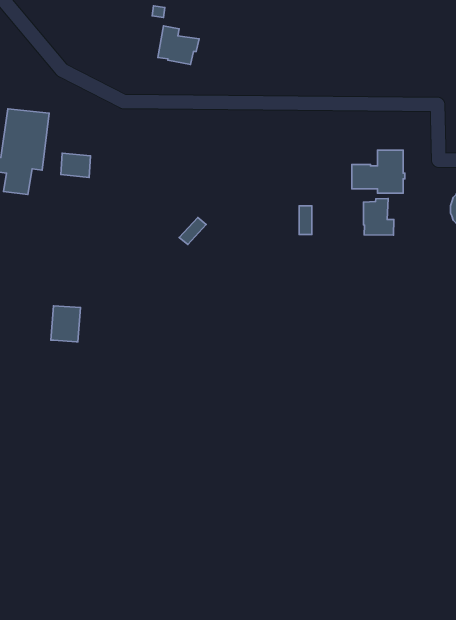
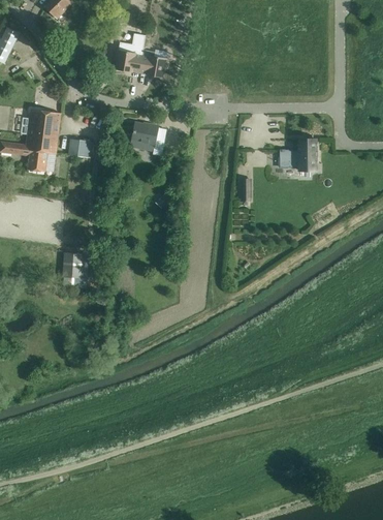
building: none -> [114,47,142,71]
building: none -> [129,121,165,154]
building: [363,198,394,235] -> none

